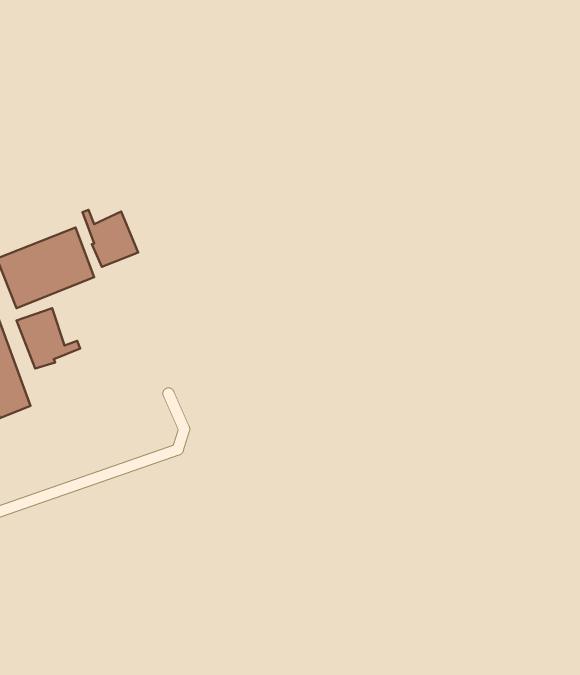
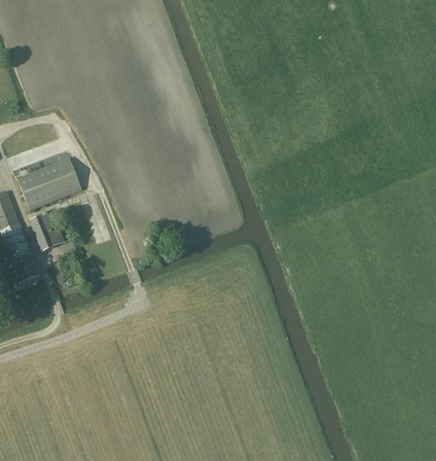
building: [82,210,138,267] -> none

